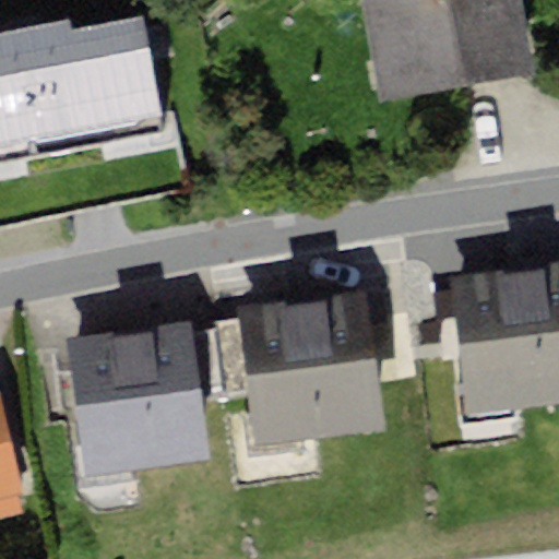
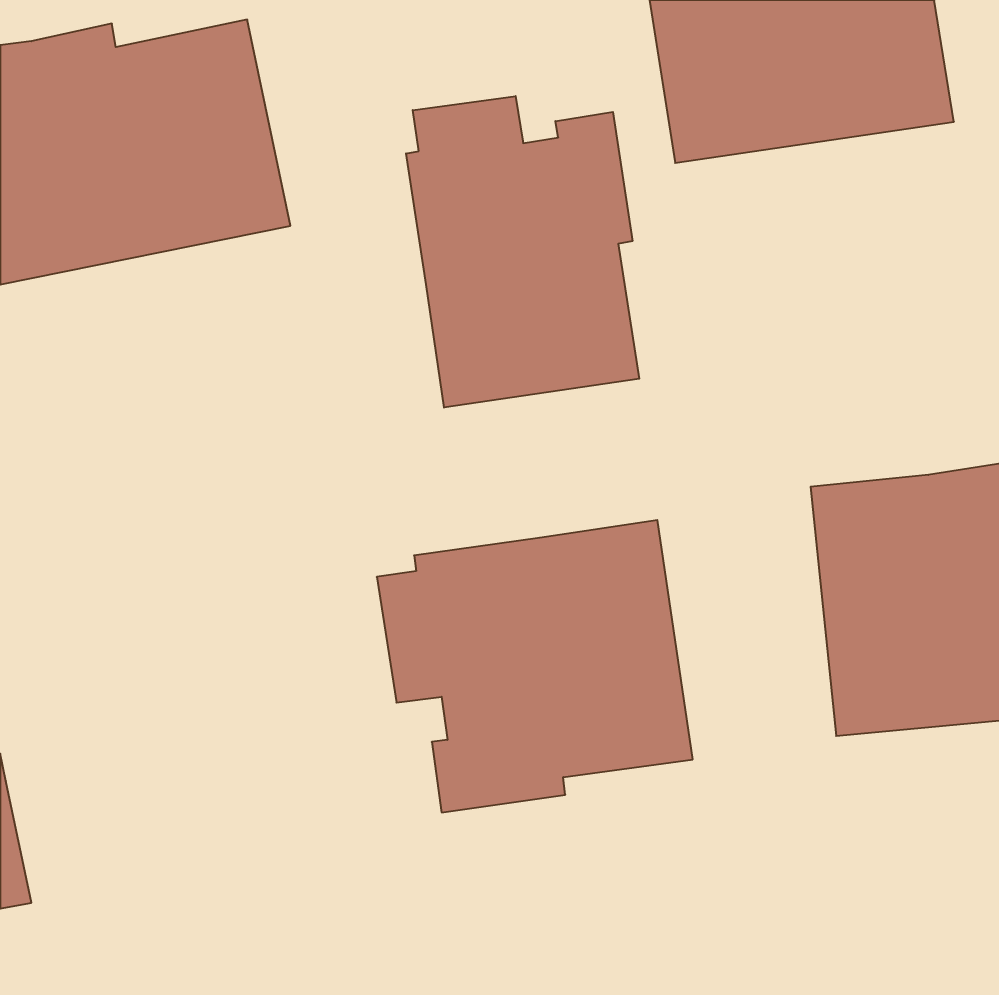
building: none -> [406,96,639,408]
building: [67,323,202,483] -> none

